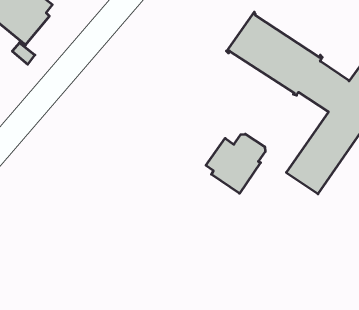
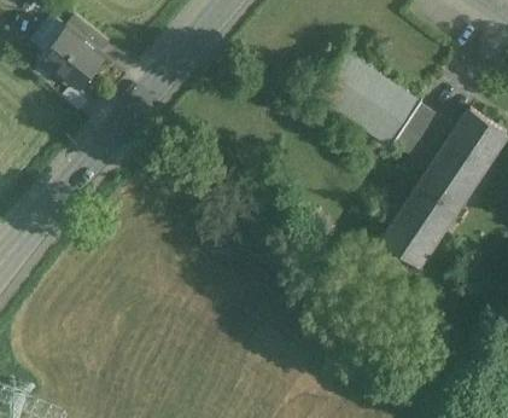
building: [206,134,265,193] -> none

